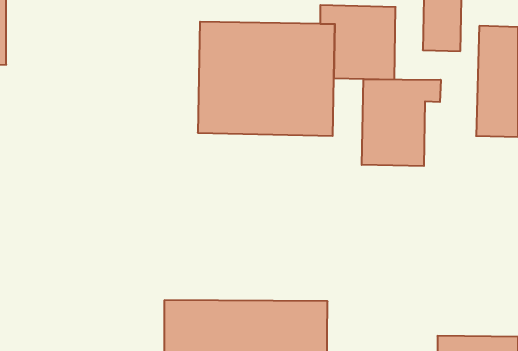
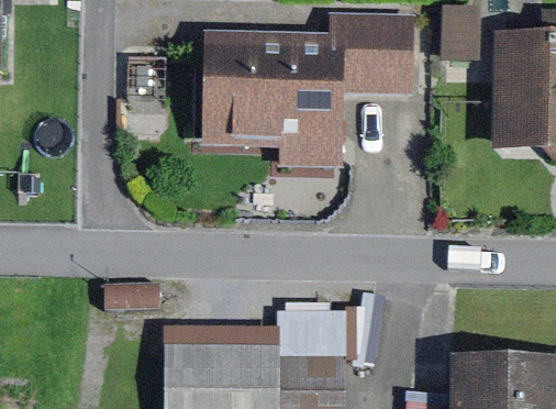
building: [362,79,441,166] -> none

